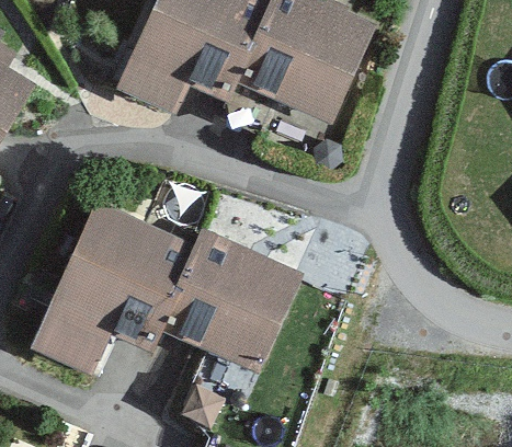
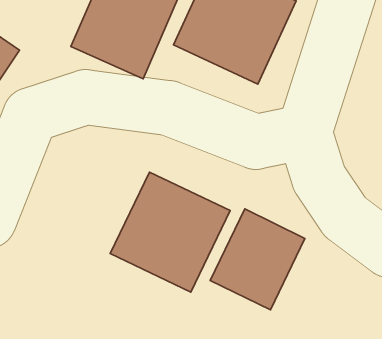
building: [32,202,175,377] -> none
building: none -> [210,209,305,310]

